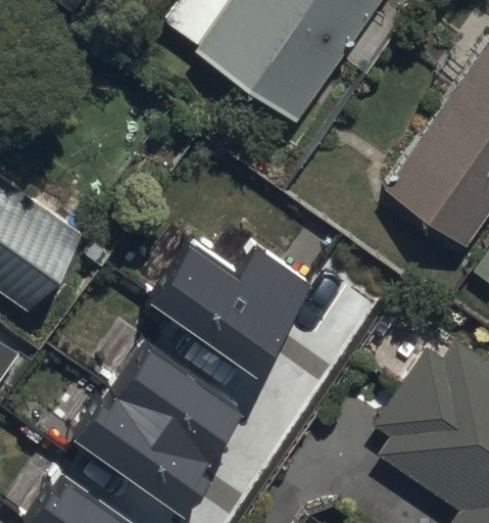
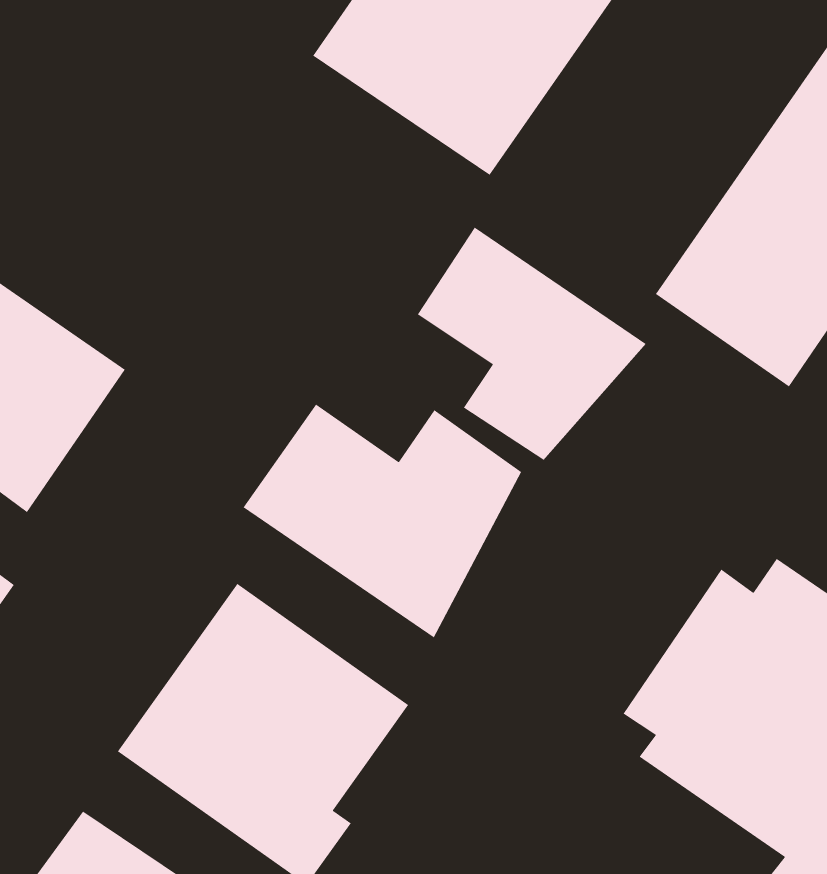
building: none -> [417,226,647,461]

